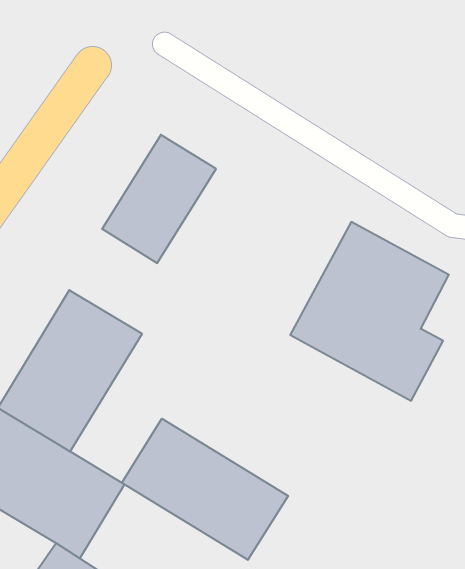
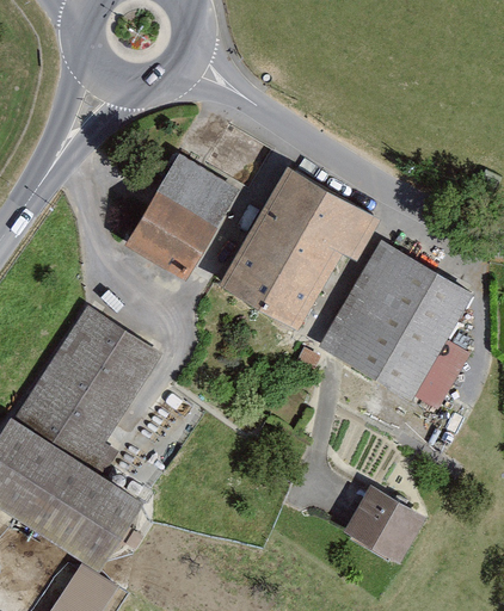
building: none -> [216,166,381,329]
building: [122,419,288,560] -> none
building: none -> [344,489,426,566]

